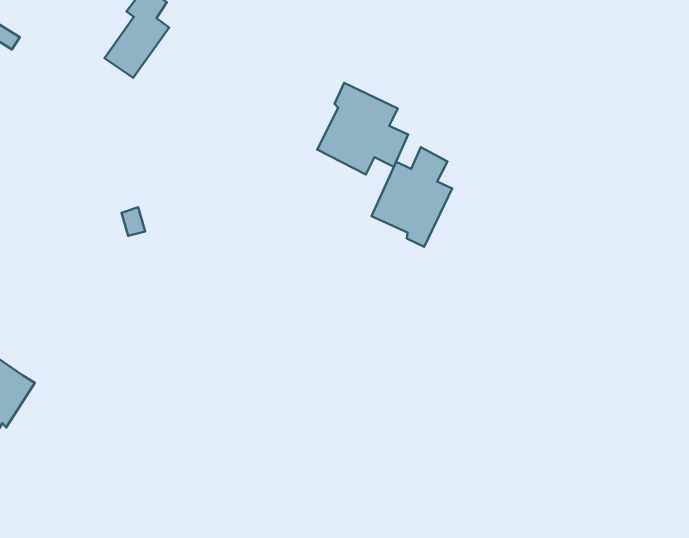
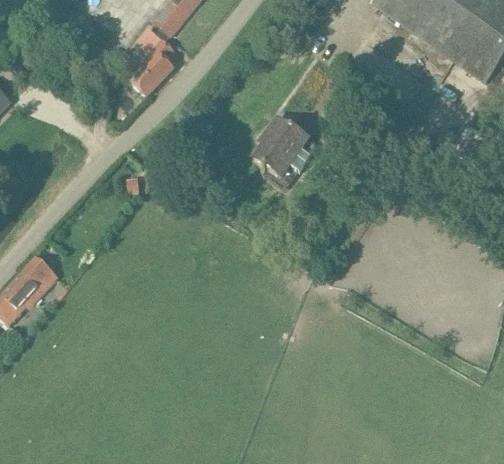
building: [372,147,452,247] -> none

